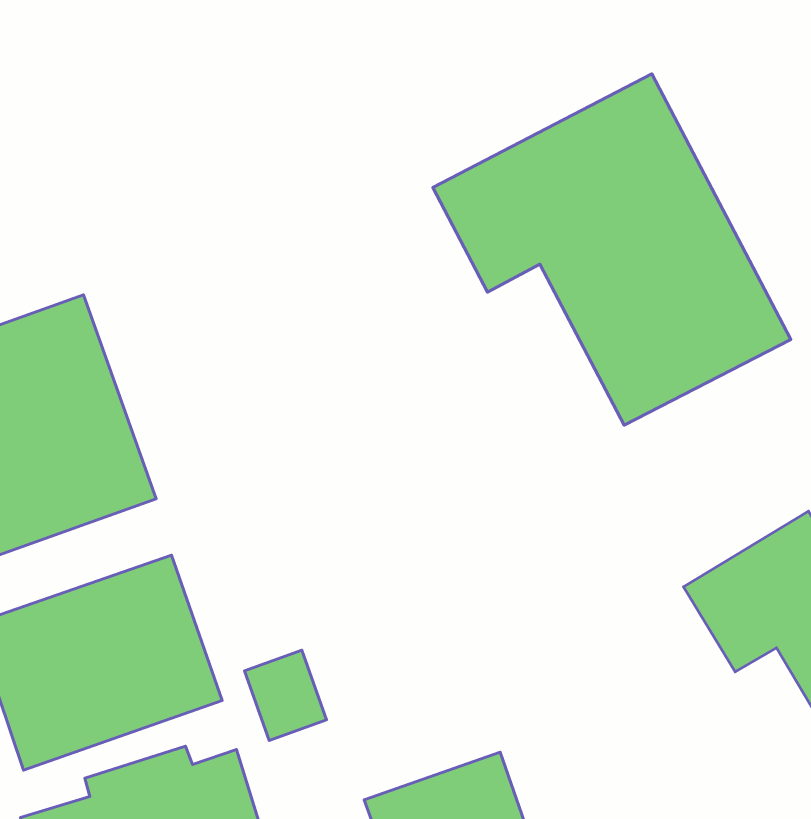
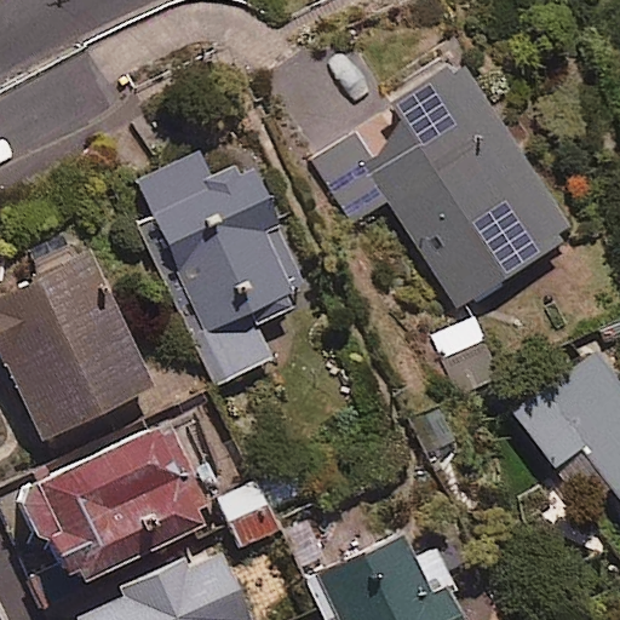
building: none -> [139,154,306,380]

